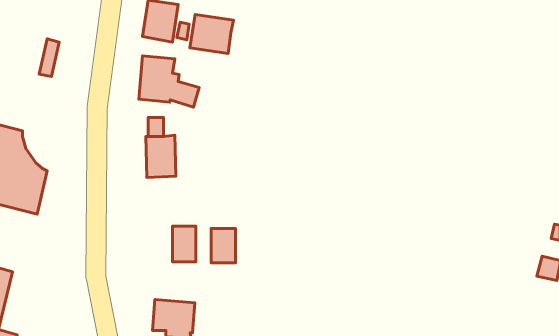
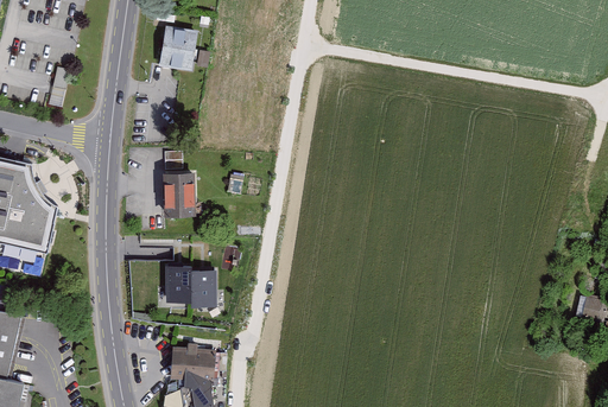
building: [190,14,233,53] -> none
building: [139,56,199,107] -> none
building: [211,228,235,263] -> [165,263,191,300]

